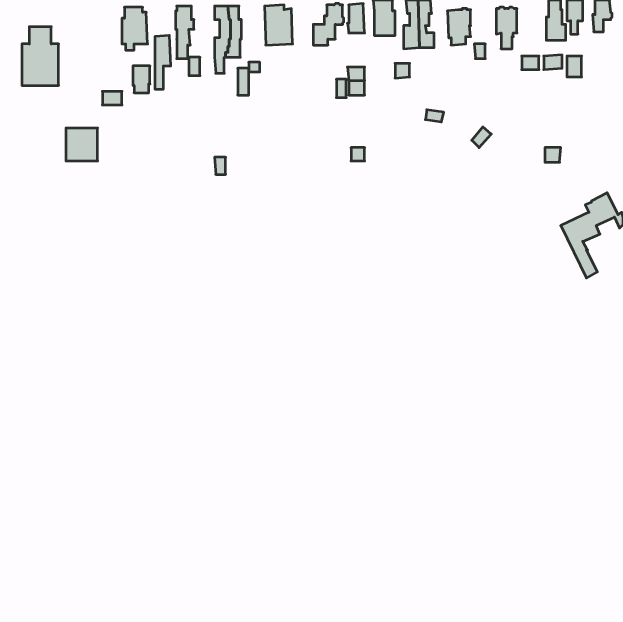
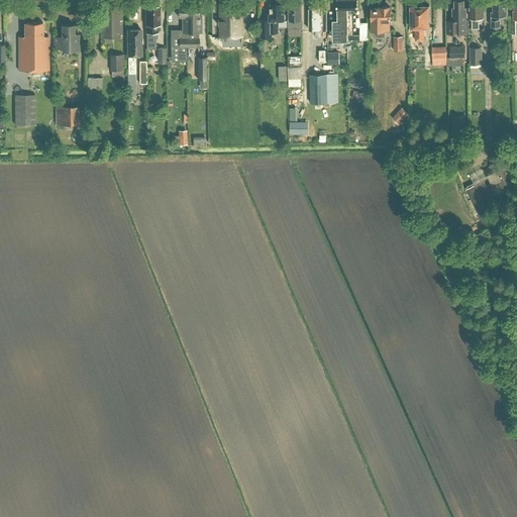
building: none -> [55,25,79,53]
building: none -> [310,75,338,104]
building: none -> [14,95,35,125]

